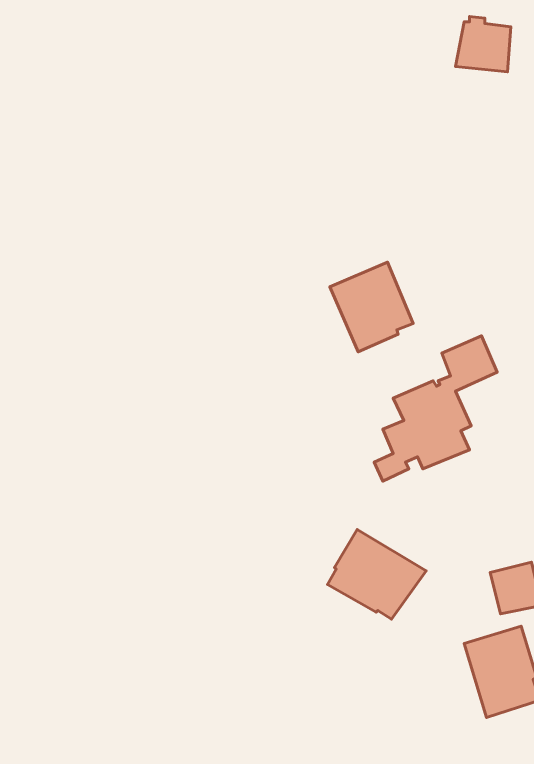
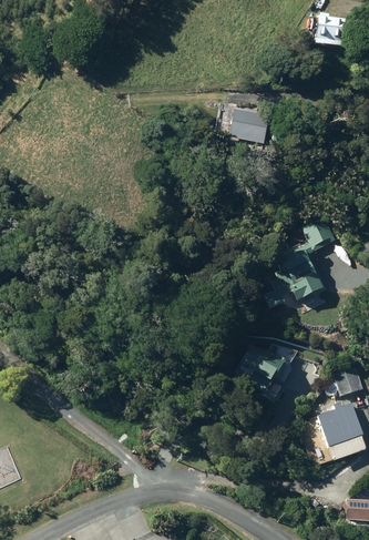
building: none -> [228,108,268,145]
building: [330,262,413,352] -> none

